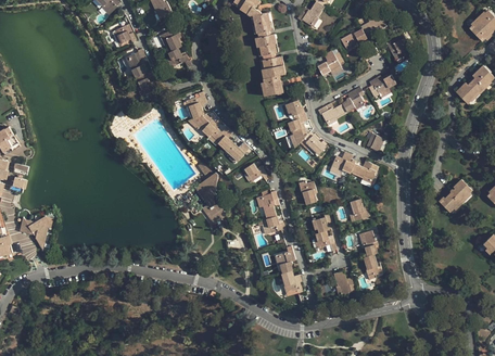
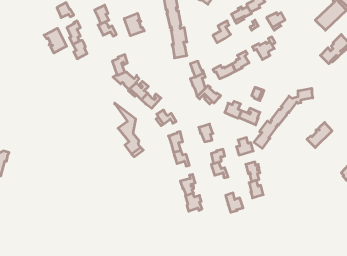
building: none -> [124,13,144,36]
building: none -> [44,28,67,53]
building: none -> [254,88,313,148]

